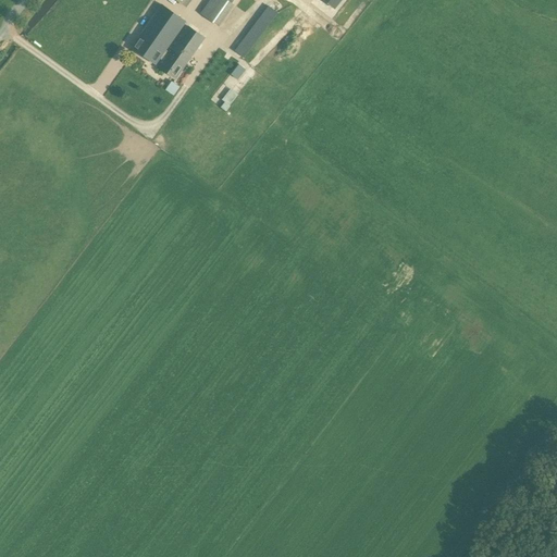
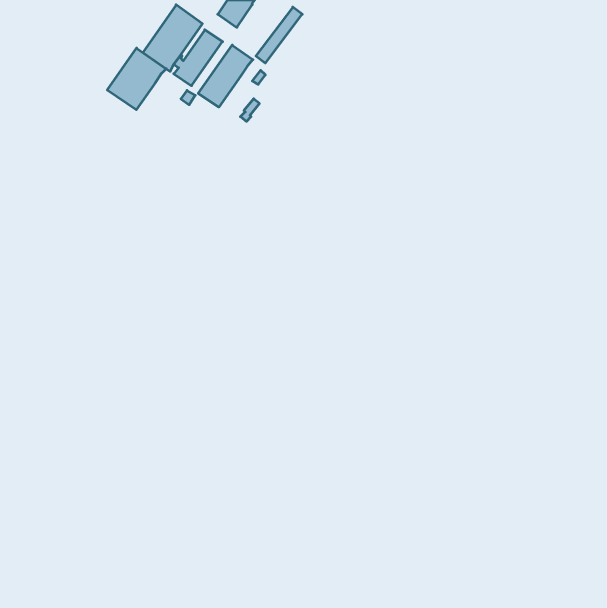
building: none -> [198,45,253,107]
building: none -> [107,48,166,110]

